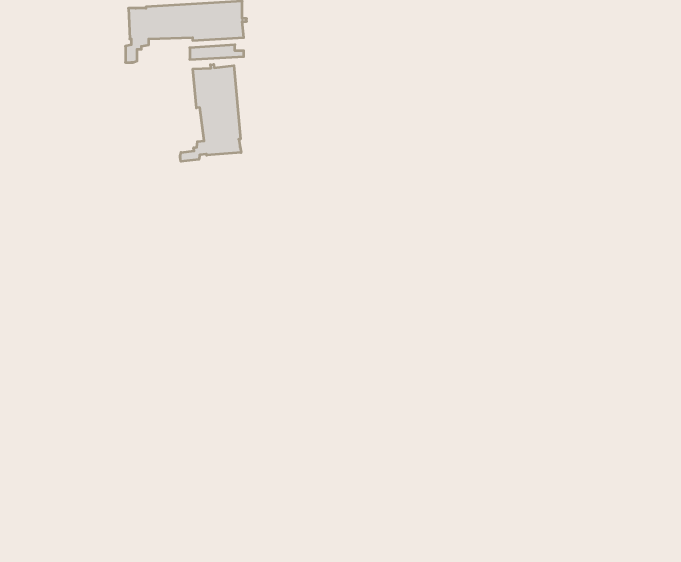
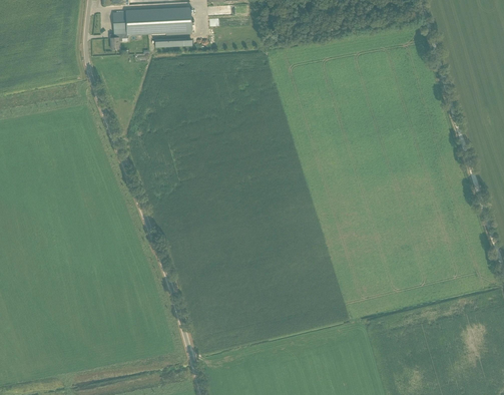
building: [180,64,241,161] -> none

